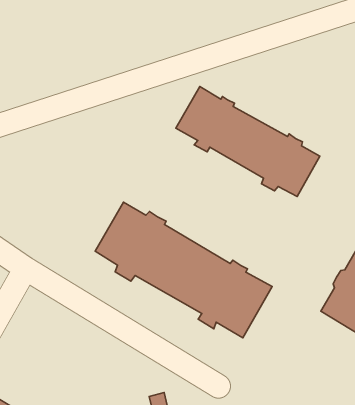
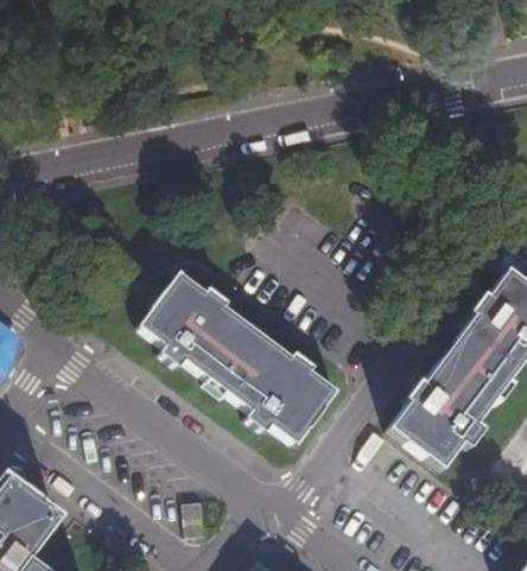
building: [176,86,320,196] -> none

